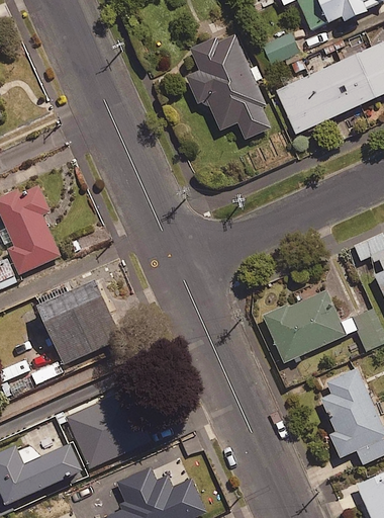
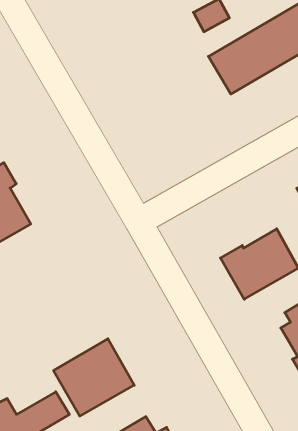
building: [183,35,268,142] -> none
building: [34,276,121,364] -> none

